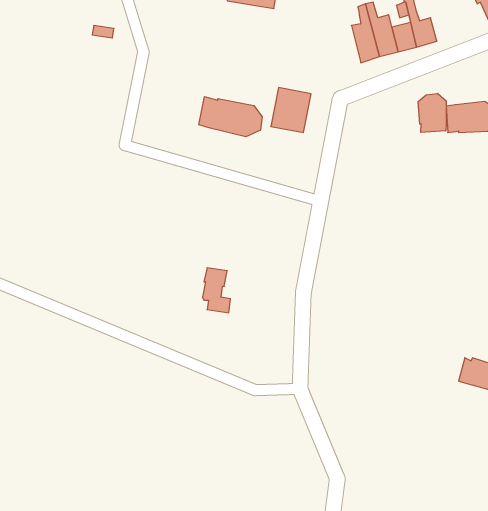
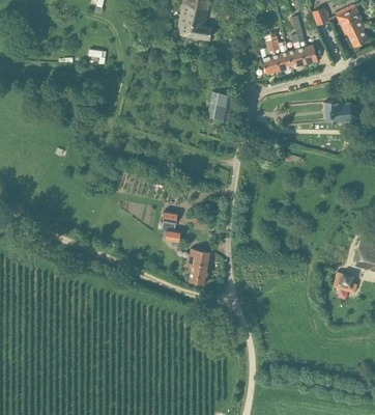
building: [418,93,446,132] -> none
building: [199,97,262,137] -> none
building: none -> [191,250,211,283]

